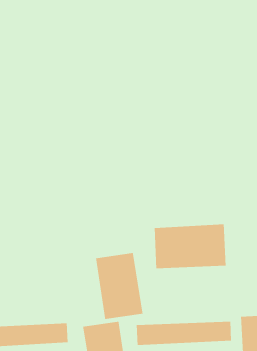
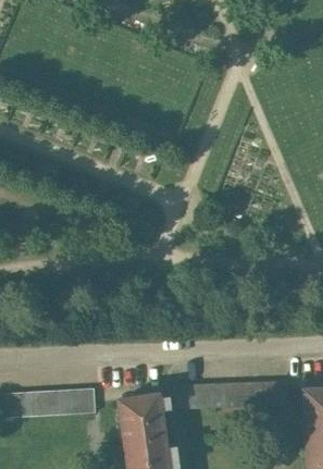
building: [154,223,226,269] -> none
building: [95,252,144,320] -> none

